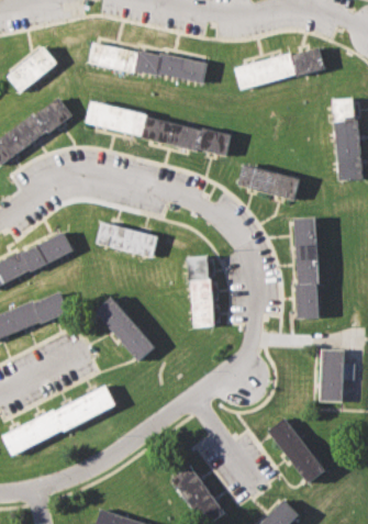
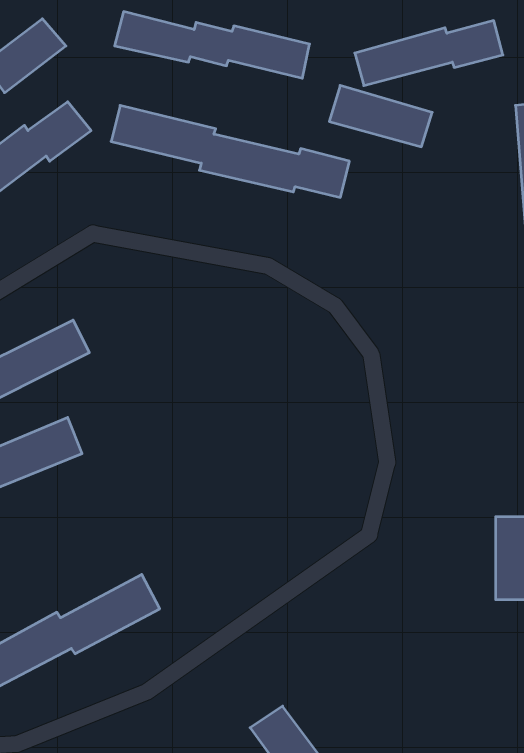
building: [236,163,299,200] -> [329,85,432,147]
building: [293,218,320,319] -> none
building: [97,223,159,259] -> none
building: [186,255,216,328] -> none
building: [93,294,155,363] -> none
building: [268,416,328,484] -> none

